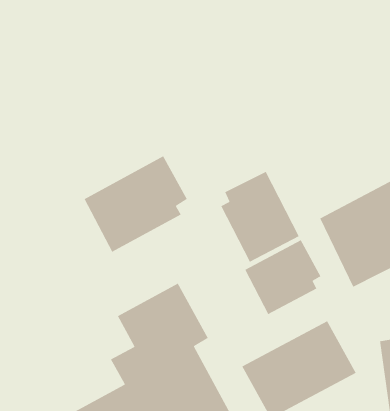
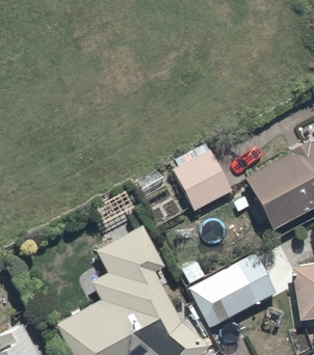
building: [84,155,188,253] -> none
building: [244,239,321,315] -> none

